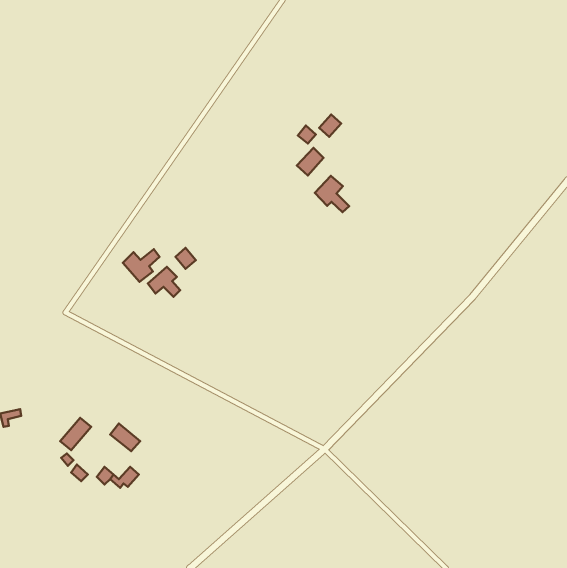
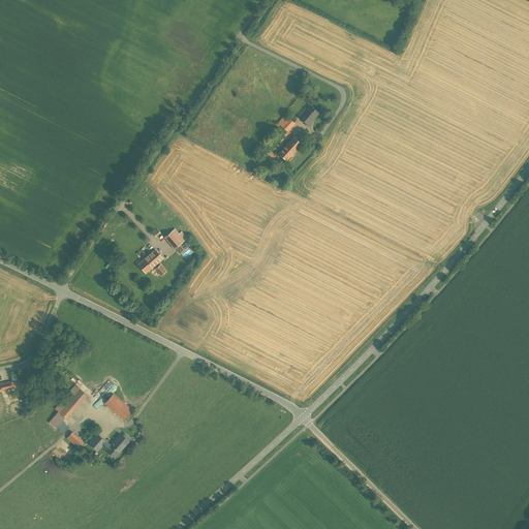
building: [315,176,349,212] -> none
building: [123,249,160,282] -> none

